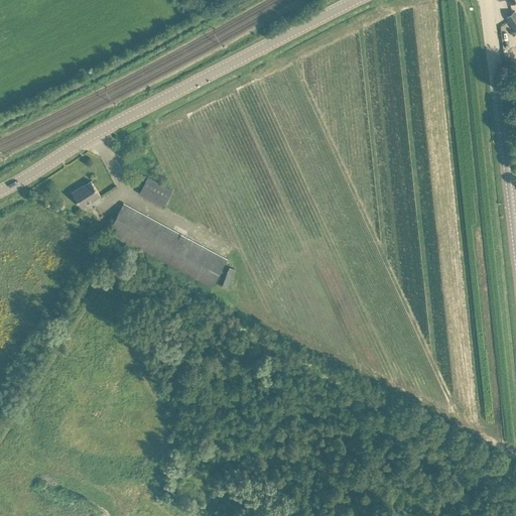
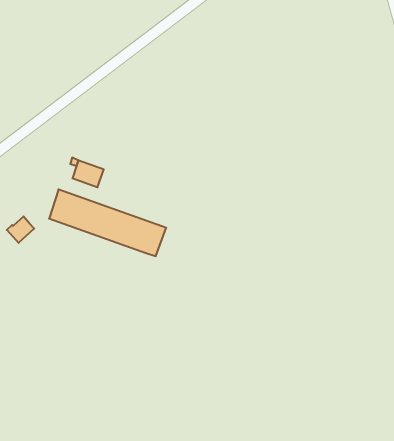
building: [72,182,100,209] -> [7,216,34,243]

